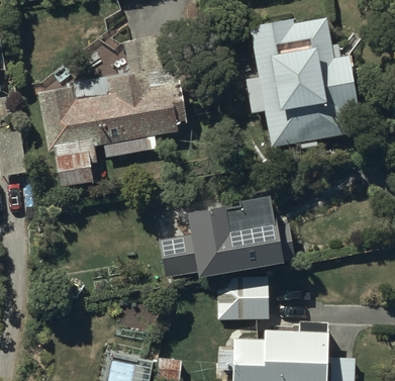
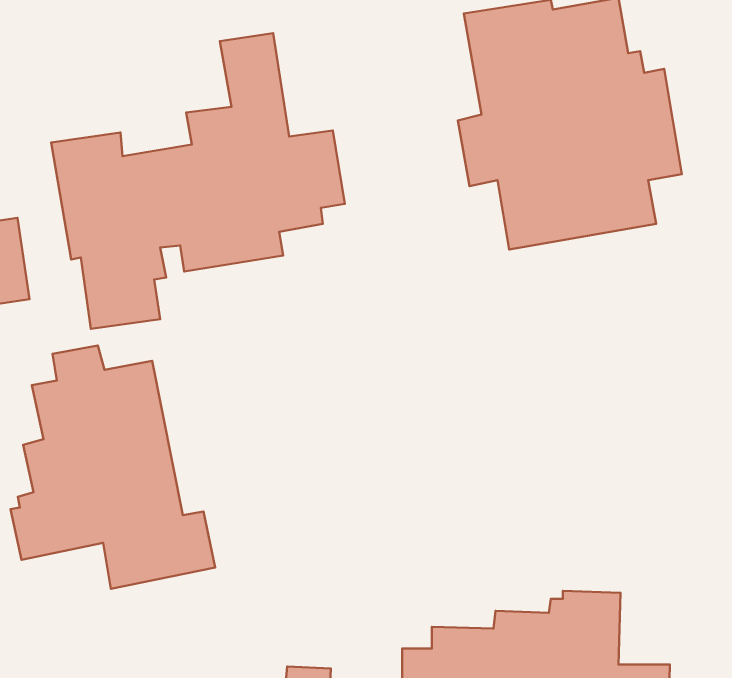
building: [159,193,296,321] -> none
building: none -> [11,345,215,589]

